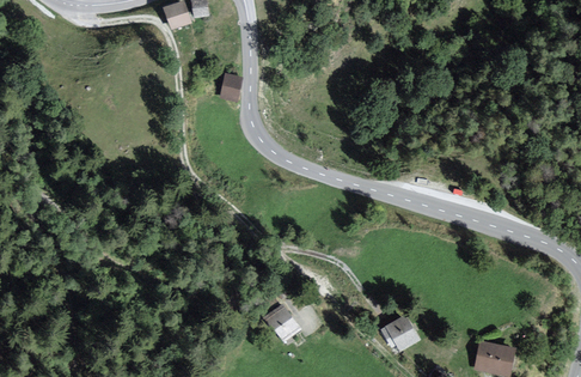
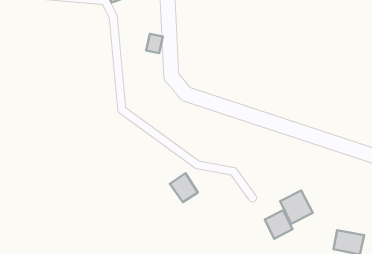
building: none -> [280,190,313,224]
building: [263,304,301,343] -> [170,173,198,202]

